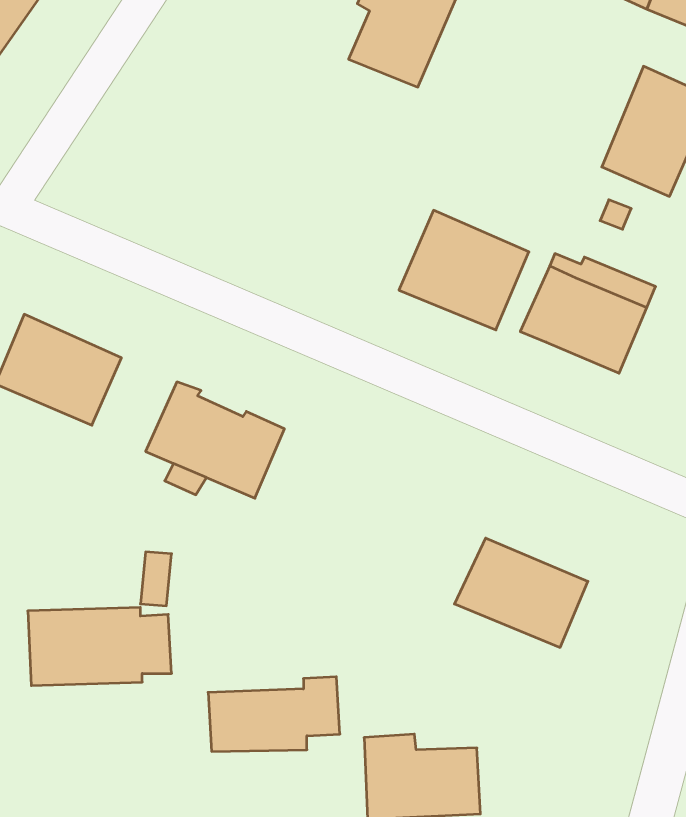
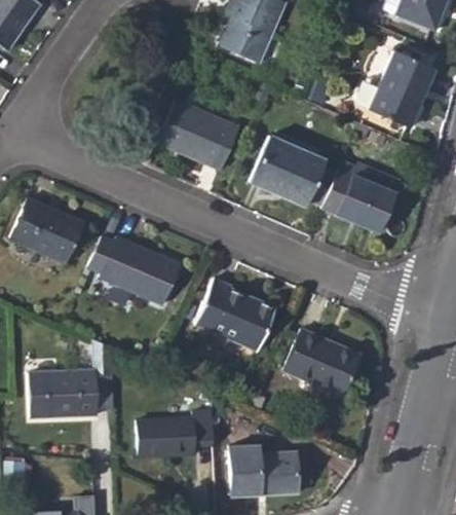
building: none -> [158,100,240,170]
building: none -> [195,279,276,350]

